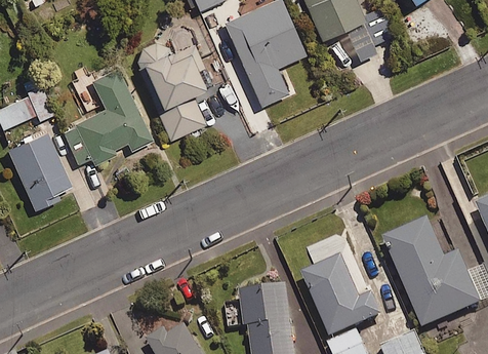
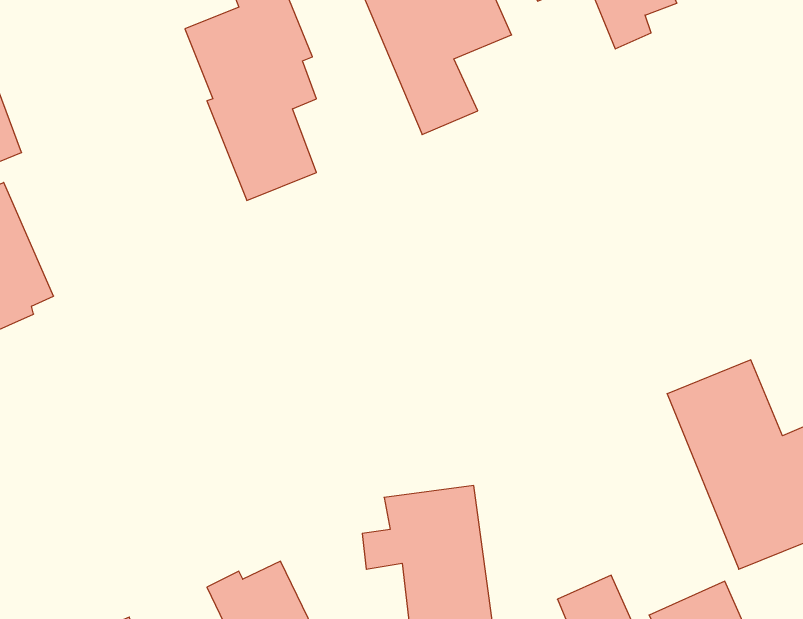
building: [63,65,149,161] -> none
building: [301,254,379,336] -> none

